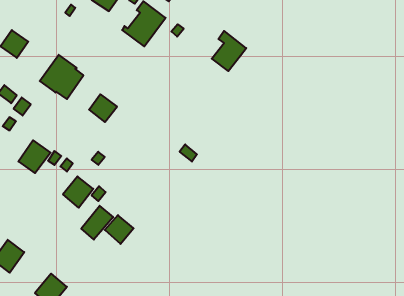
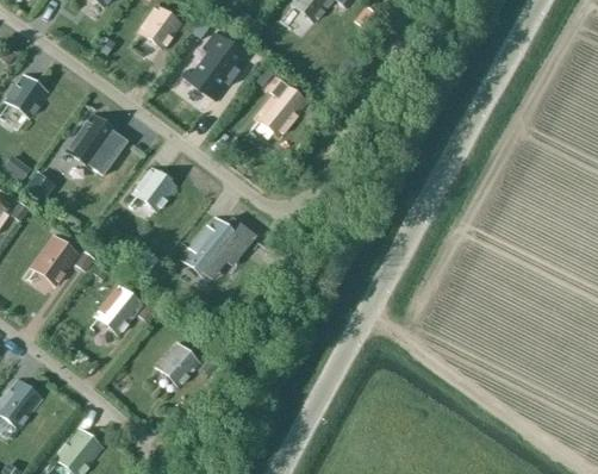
building: [212,31,246,71] -> [256,76,306,135]
building: none -> [182,216,255,276]
building: [81,206,113,240] -> none

